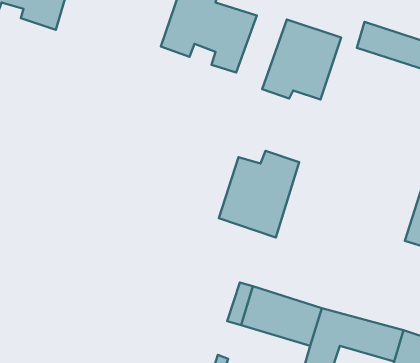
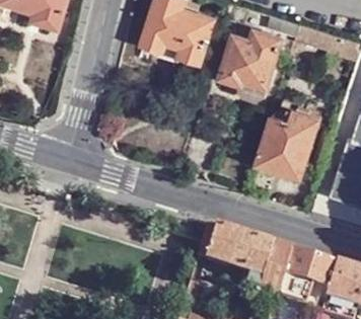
building: [219,151,299,237] -> [258,111,320,179]

